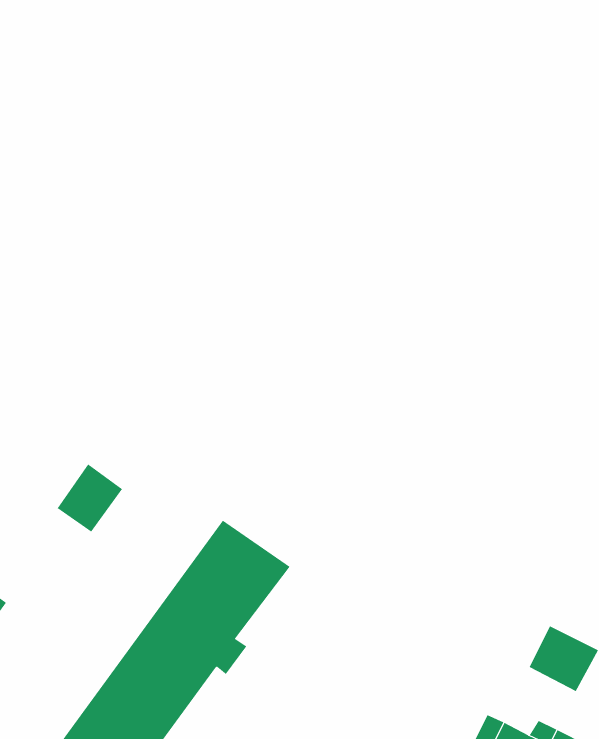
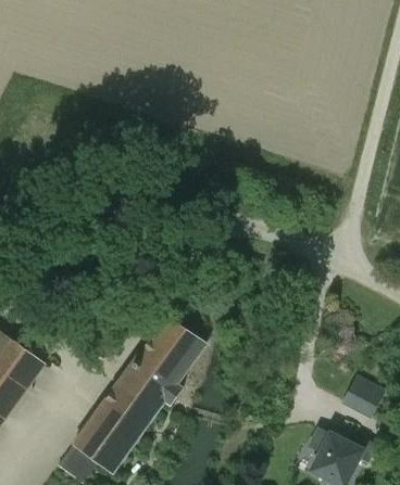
building: [57,463,123,532] -> none

